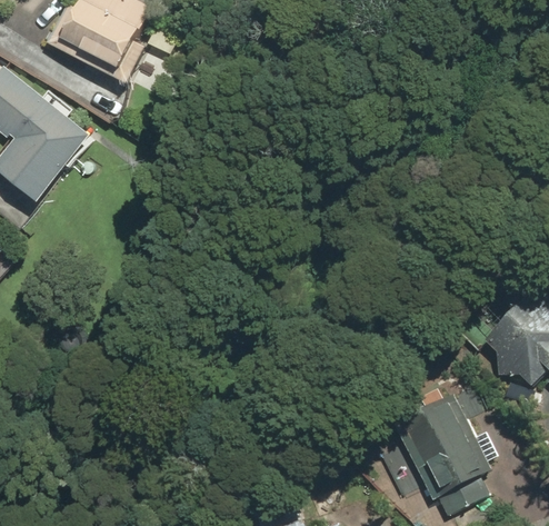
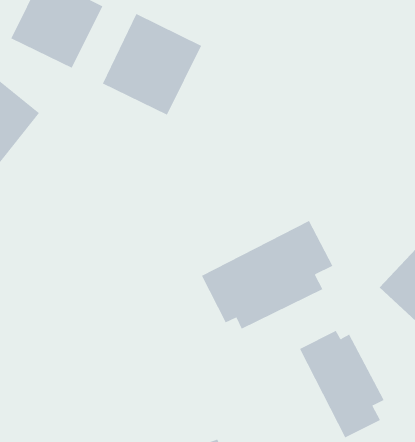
building: none -> [102,13,202,115]
building: none -> [201,220,333,330]

